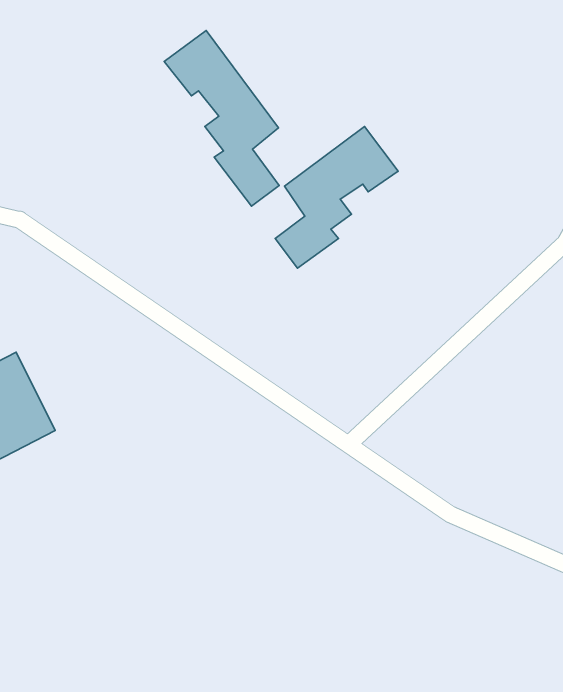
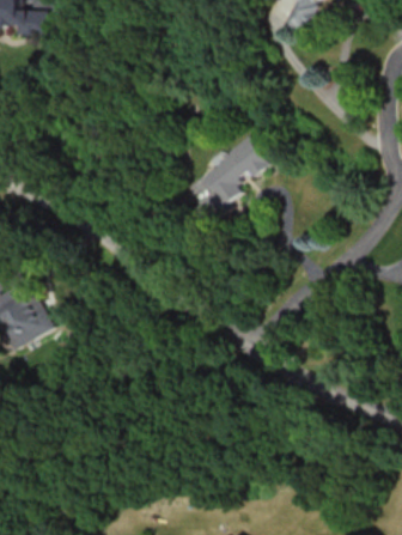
building: [164,31,279,206] -> none

